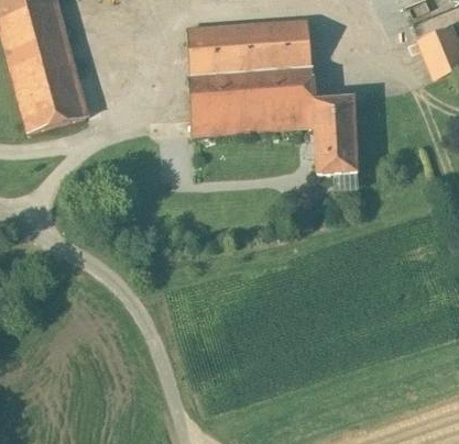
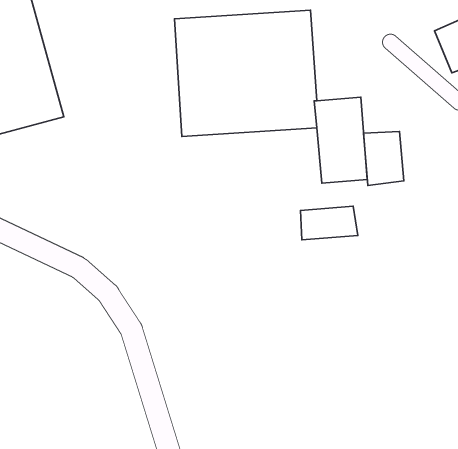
building: none -> [364,131,404,186]
building: none -> [301,206,358,240]

